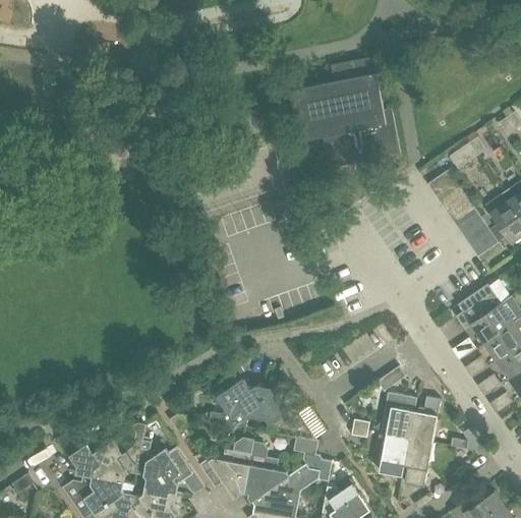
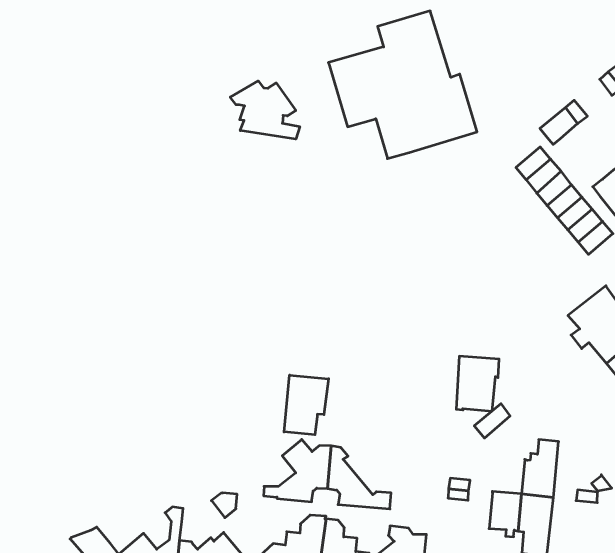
building: none -> [230,81,300,139]
building: none -> [284,375,329,435]
building: [381,392,417,437] -> [456,356,499,411]

